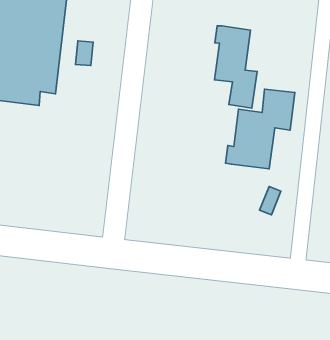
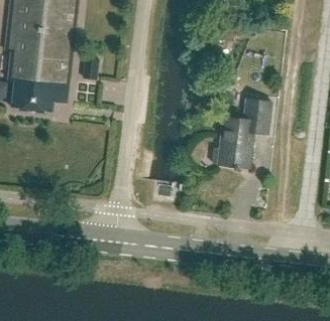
building: [214,26,257,108] -> none

